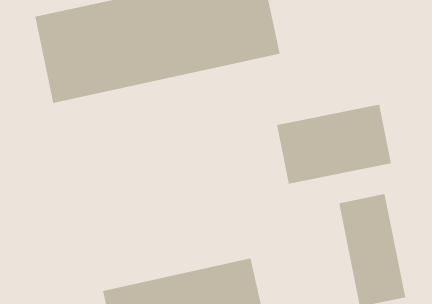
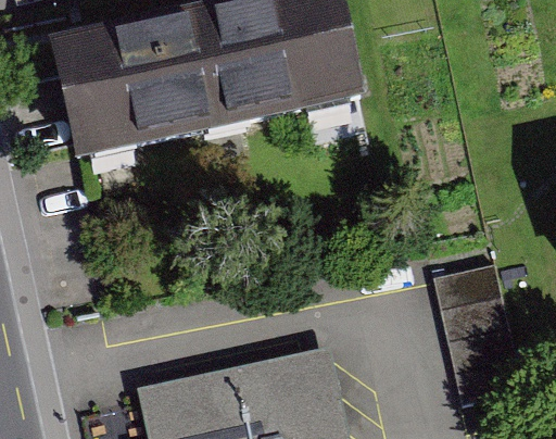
building: [277,104,391,184] -> none

